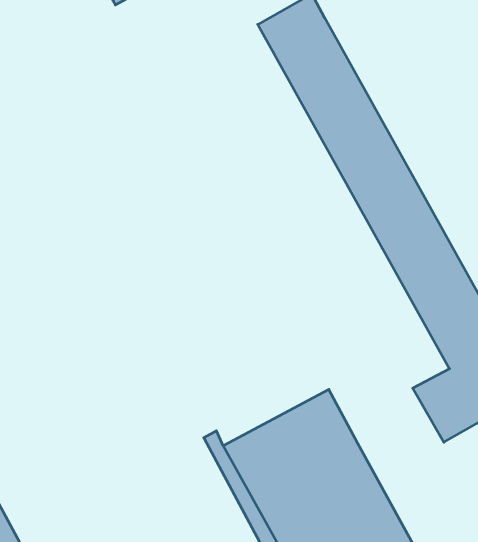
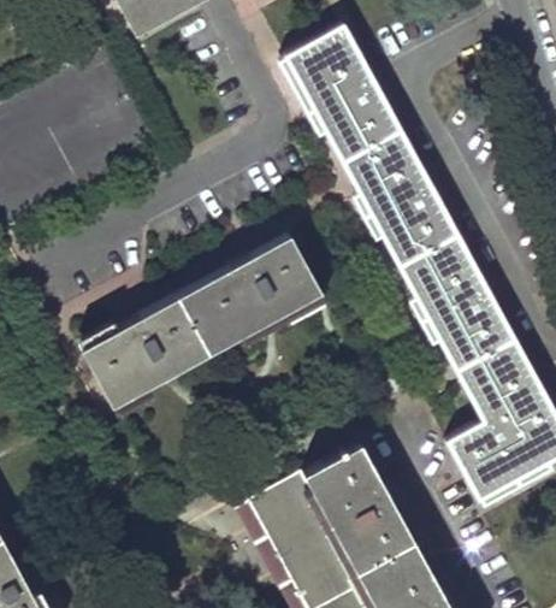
building: none -> [82,238,323,408]

